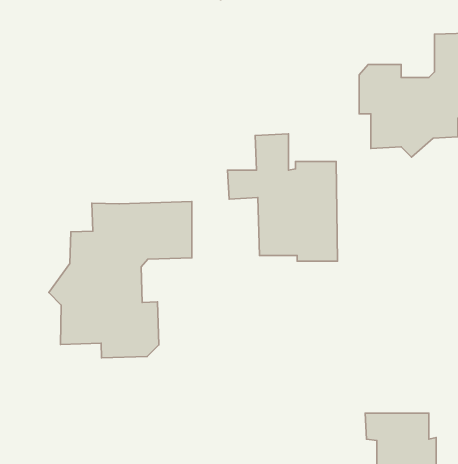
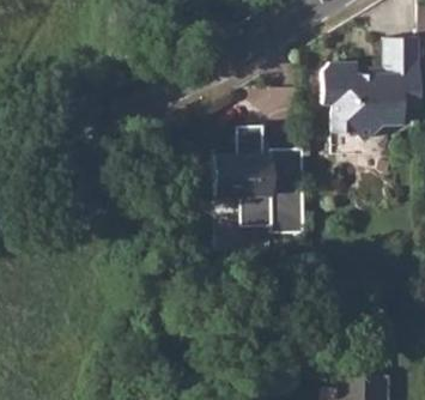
building: [49,202,192,358] -> none

